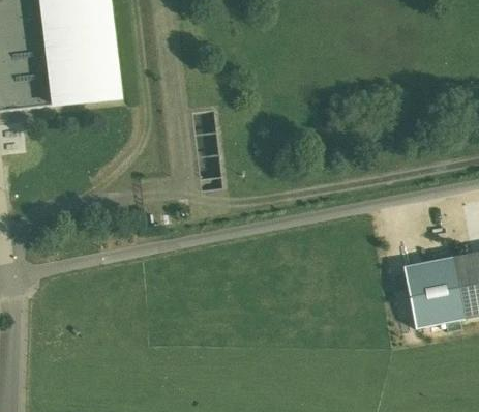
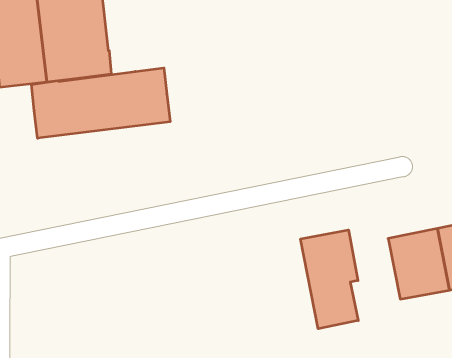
building: none -> [31,68,170,138]
building: none -> [301,230,358,329]

